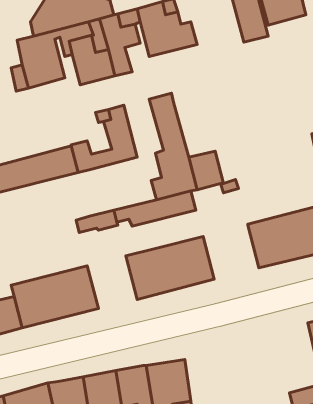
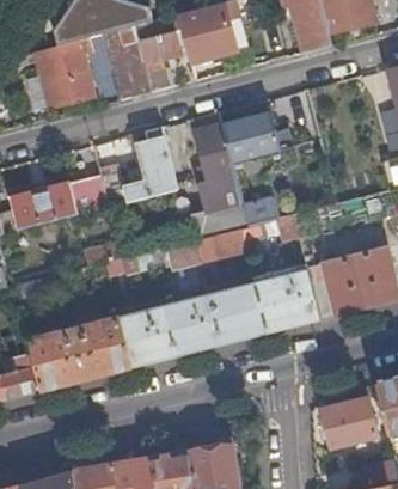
building: none -> [219,112,278,164]
building: none -> [253,269,319,332]
building: none -> [117,305,176,367]
building: none -> [322,398,375,446]

